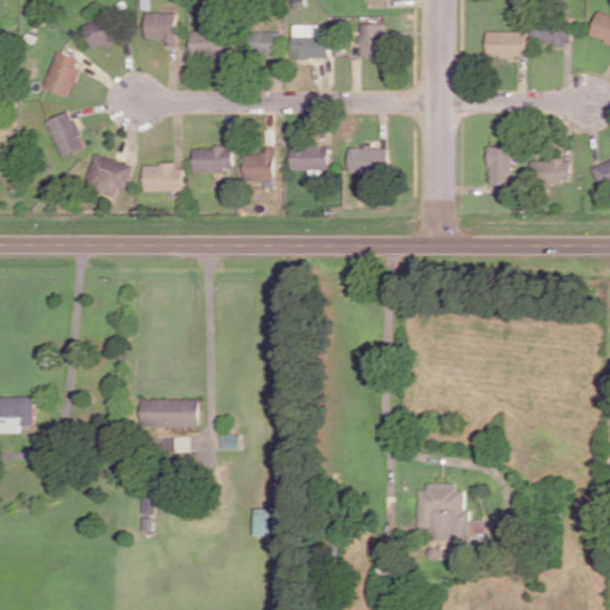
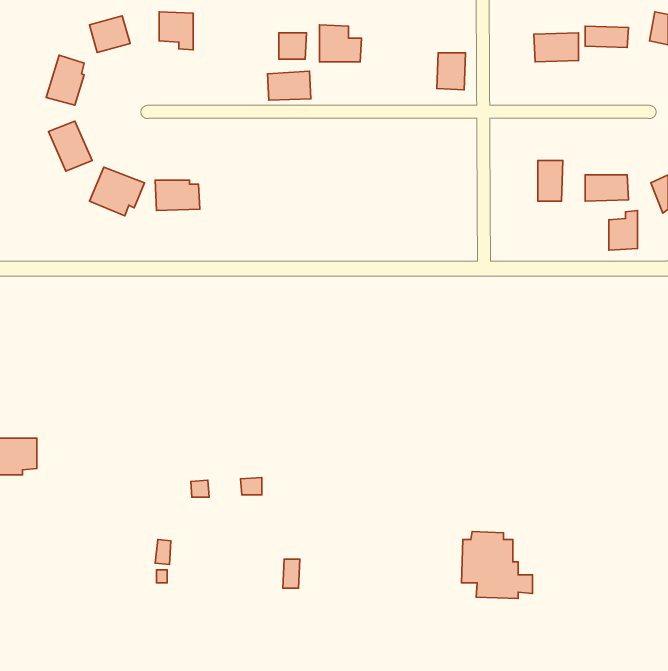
building: [357,24,384,57] -> [437,53,466,90]
building: [188,30,228,56] -> [267,71,311,100]
building: [288,145,326,170] -> none
building: [191,148,230,172] -> none
building: [242,148,273,180] -> none
building: [346,148,386,172] -> none
building: none -> [609,210,638,250]
building: [138,398,198,427] -> none

